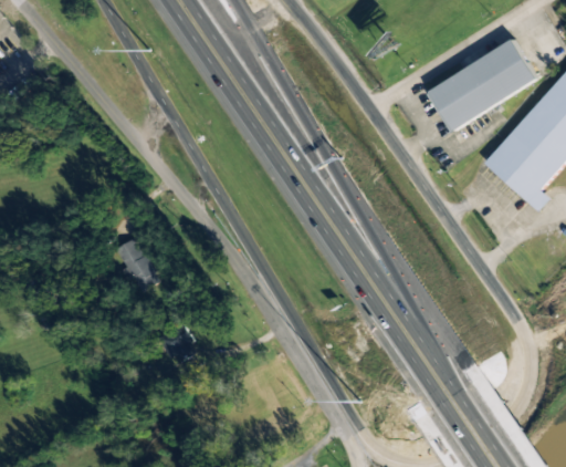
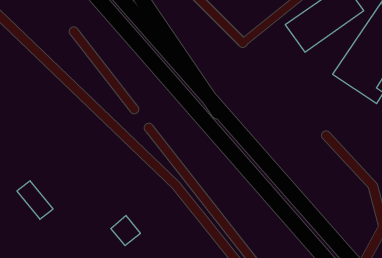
building: [112,239,158,293] -> [17,181,53,219]

